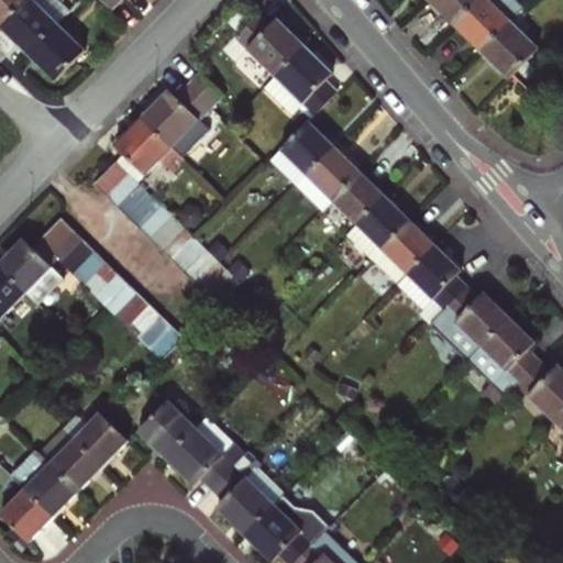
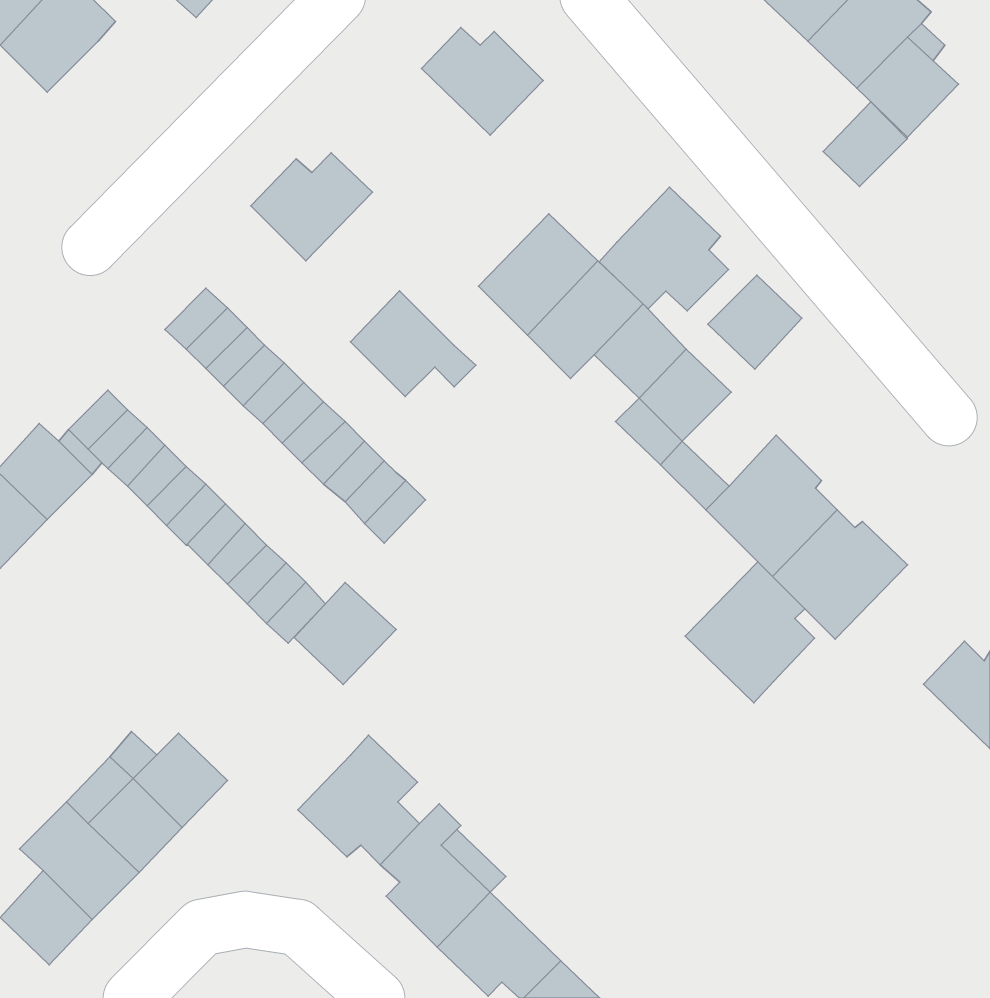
building: [26,23,82,78] -> none
building: [265,45,338,114] -> [599,187,728,311]
building: none -> [823,102,907,186]
building: [113,115,184,175] -> [350,291,476,397]
building: [383,220,435,273] -> [708,275,802,369]
building: [468,317,541,396] -> [685,562,815,703]
building: [140,397,197,454] -> [294,583,396,684]

